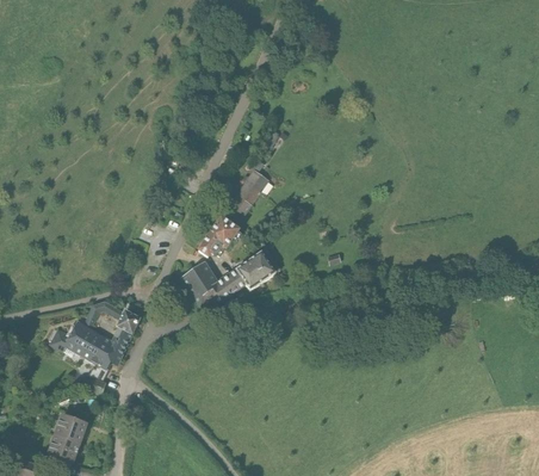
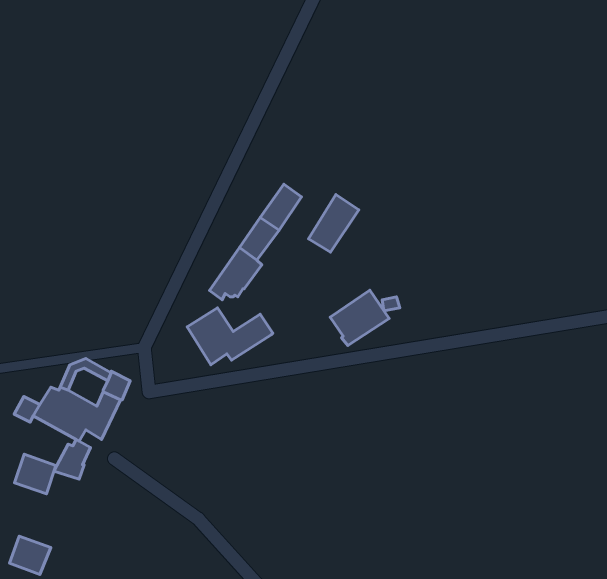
building: none -> [308,194,359,252]
building: [236,247,280,289] -> [330,290,389,346]
building: [55,413,86,443] -> [15,454,56,494]

